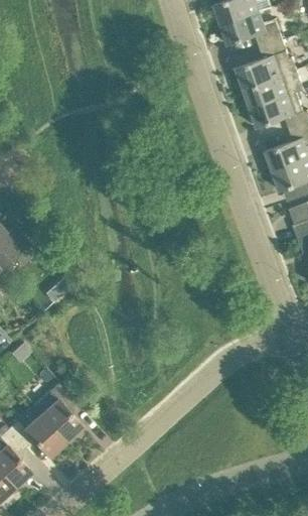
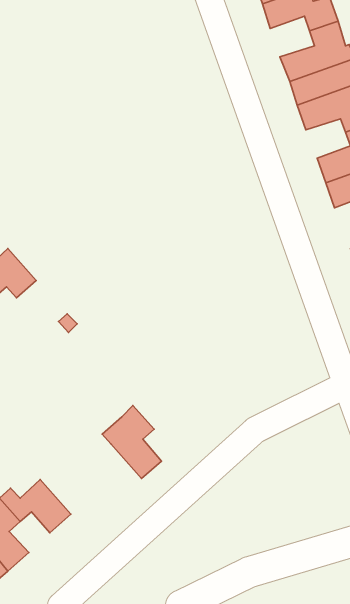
building: [32,382,81,441] -> [102,406,161,479]

